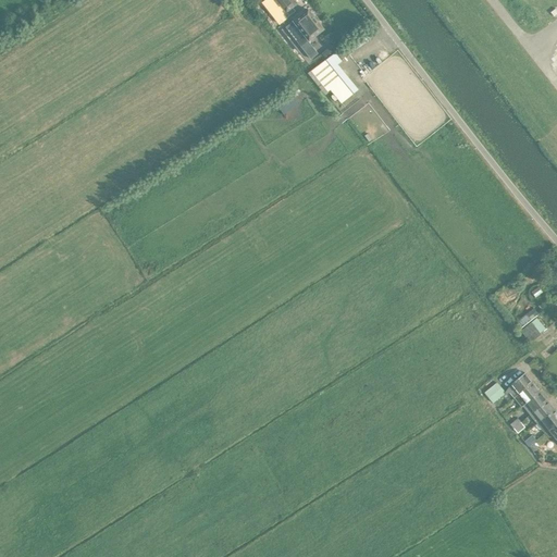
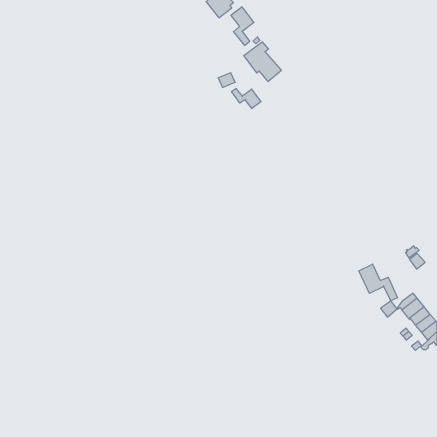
building: none -> [232,88,261,109]
building: none -> [359,264,397,301]

